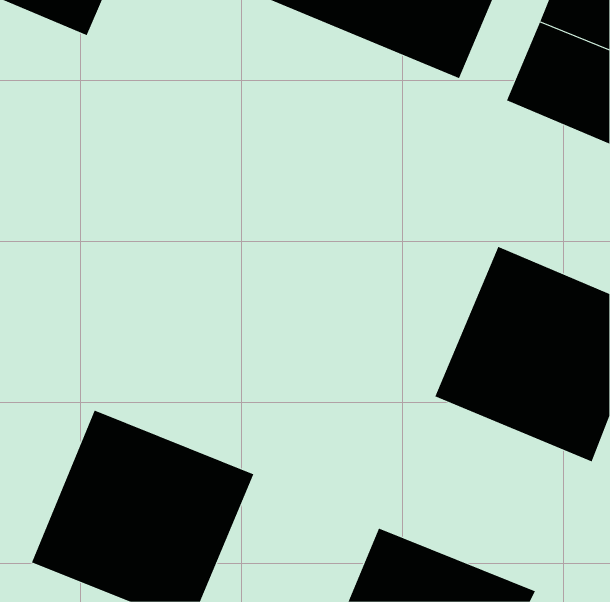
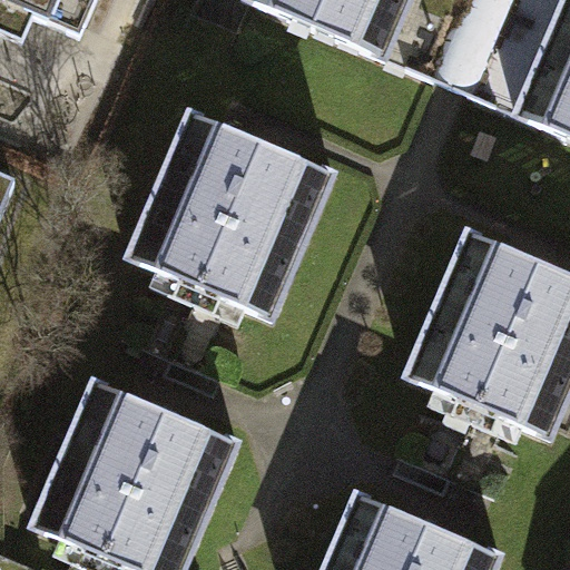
building: none -> [127,108,332,315]

